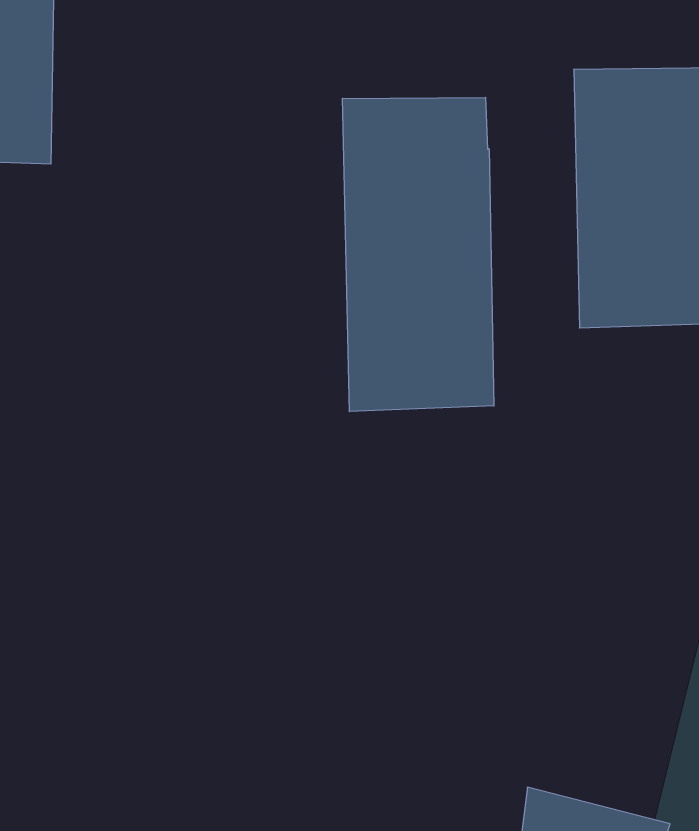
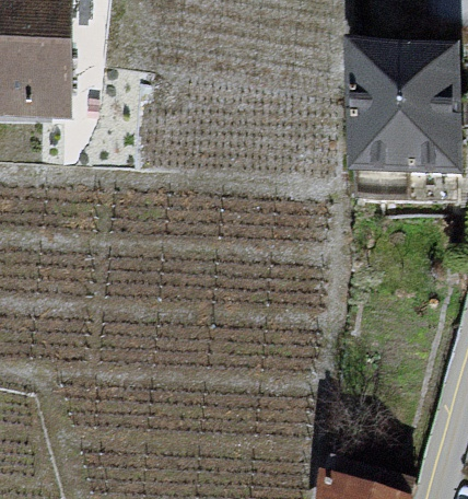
building: [342,97,494,412] -> none

